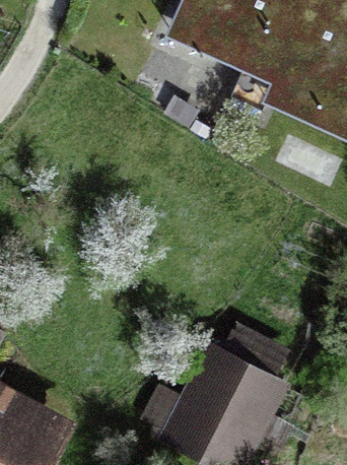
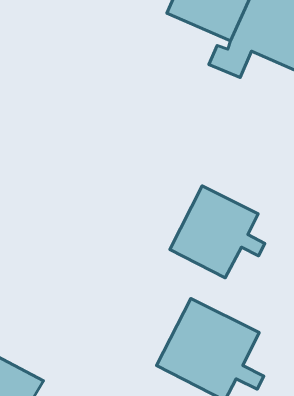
building: none -> [170,186,265,278]

